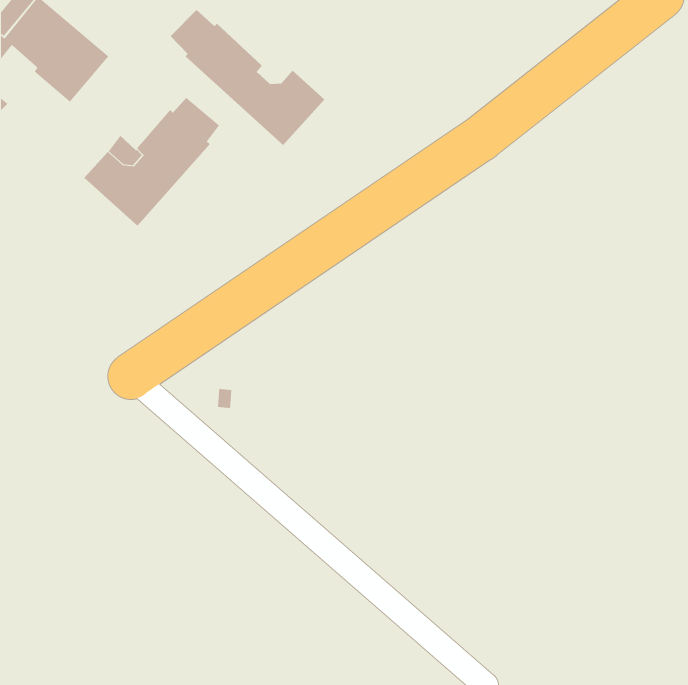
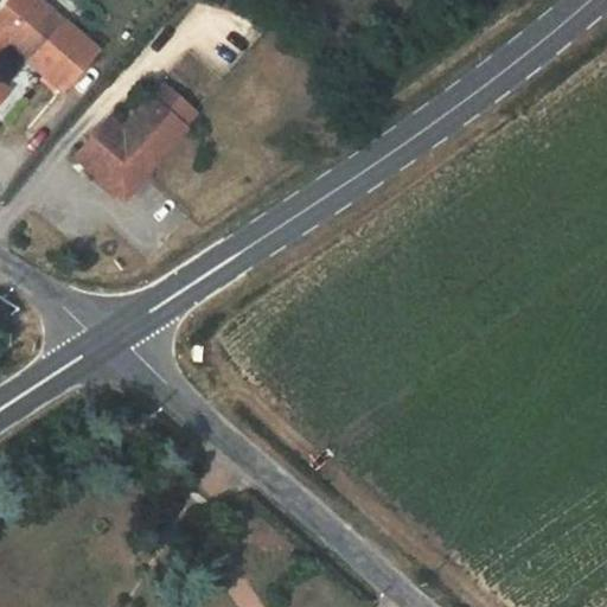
building: [170,9,325,146] -> none

